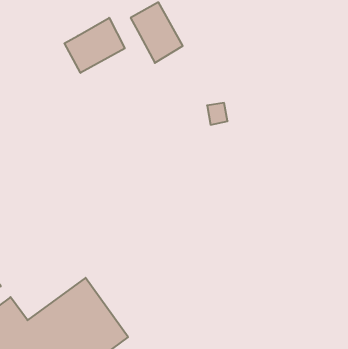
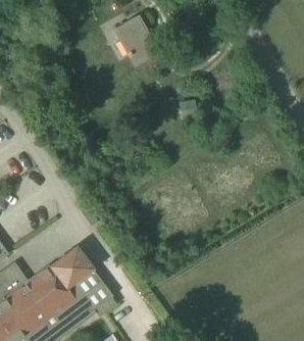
building: [64,18,125,73] -> none

